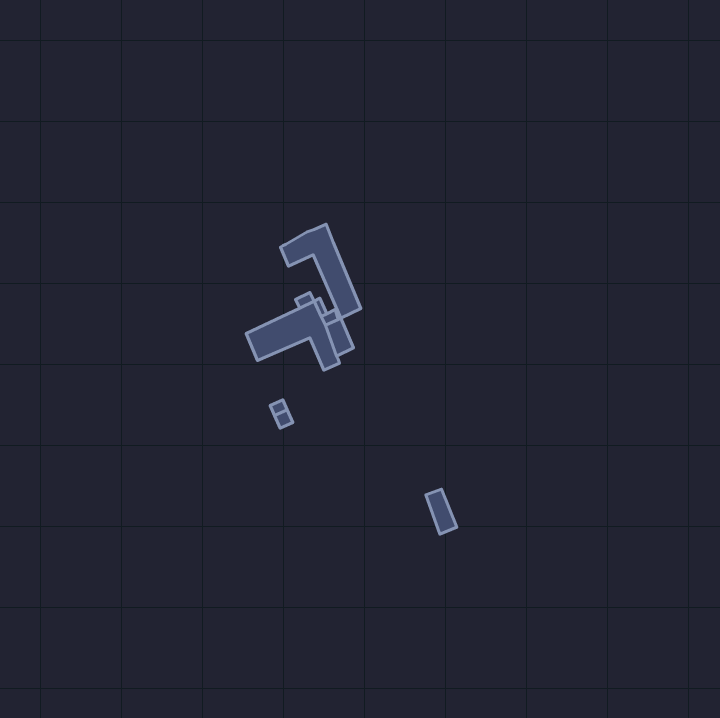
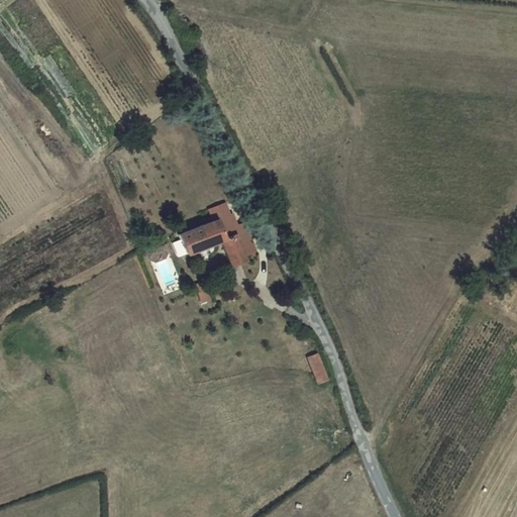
building: [280,224,361,318] -> none

